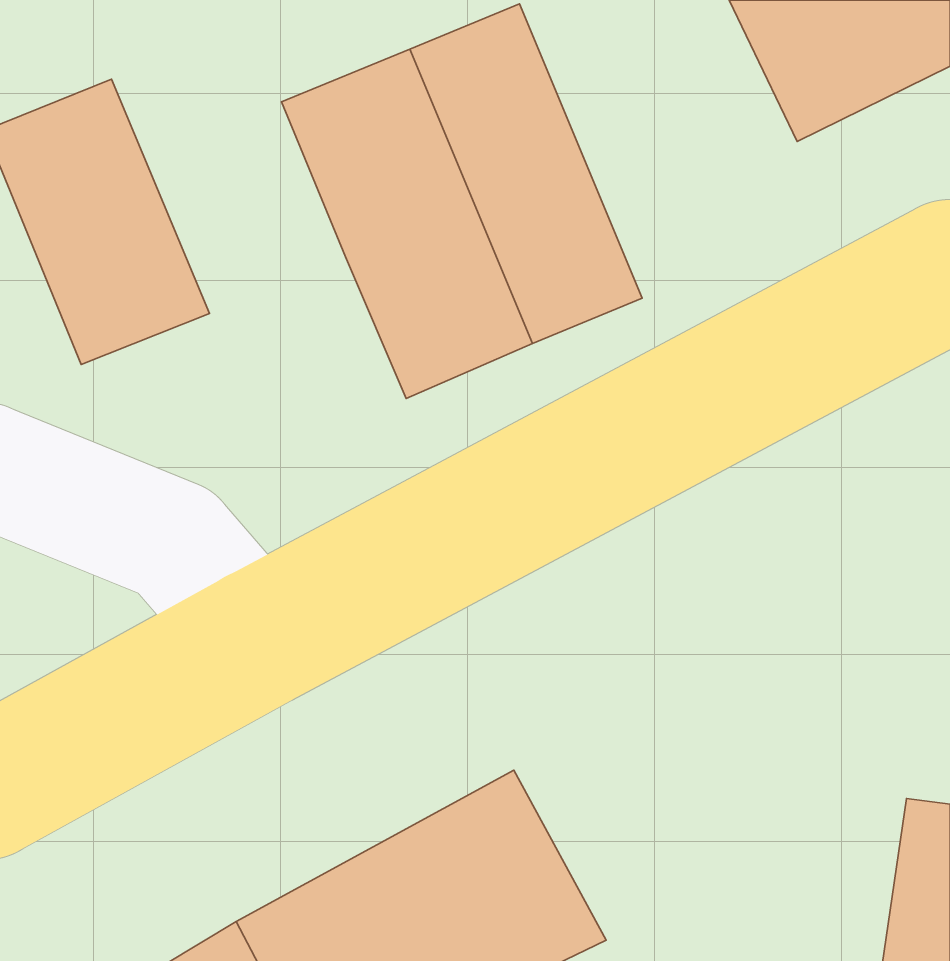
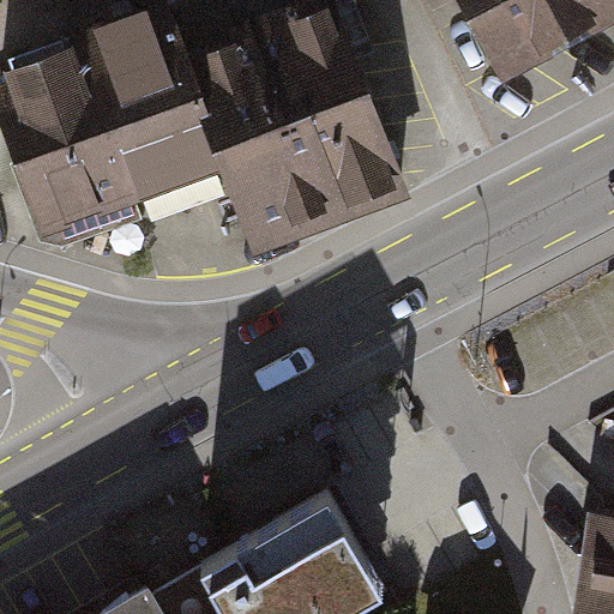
building: none -> [71,17,219,201]

